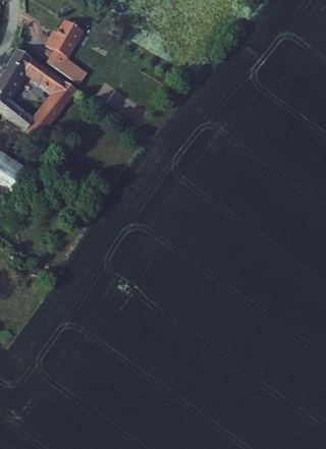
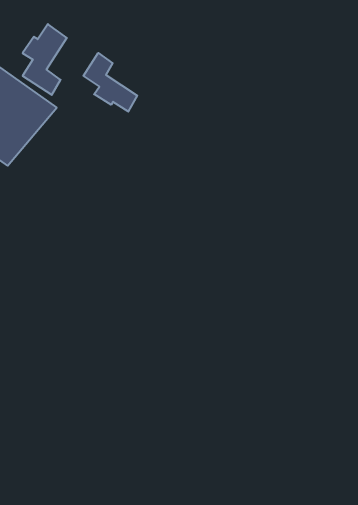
building: none -> [83,53,137,112]

